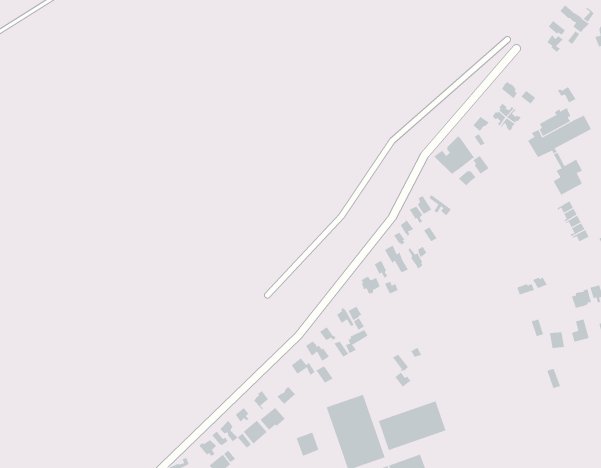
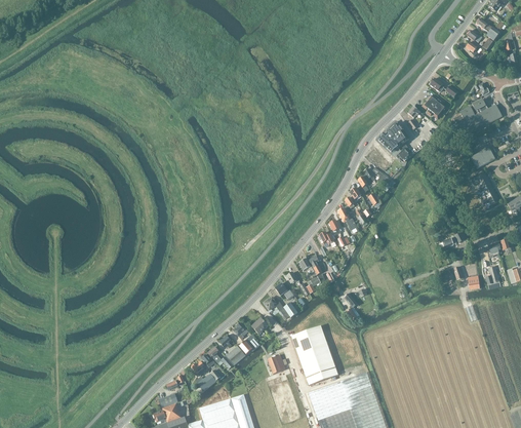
building: [378,401,446,451] -> none

